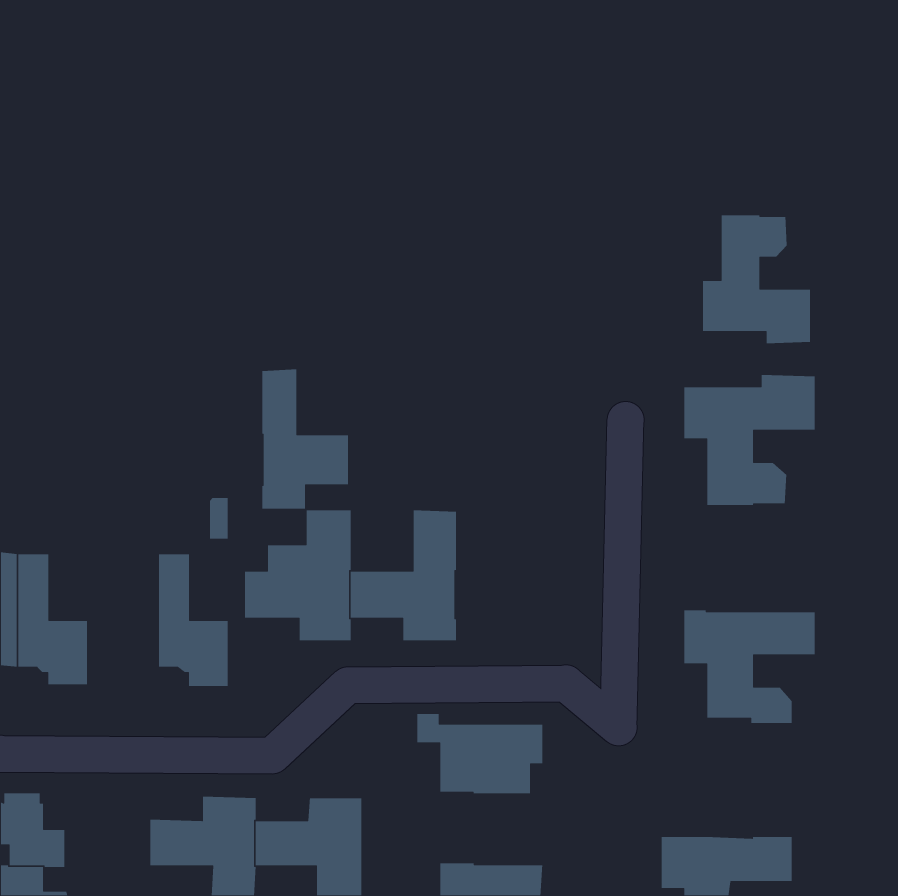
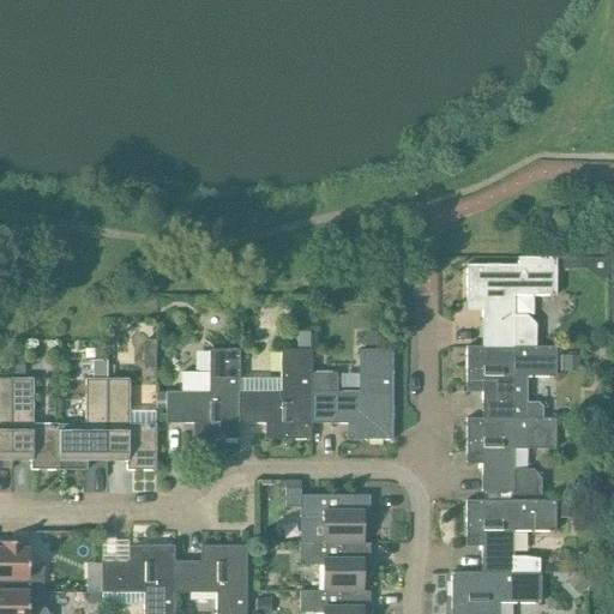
building: [702,214,811,344] -> none
building: [261,369,349,509] -> none
building: none -> [466,344,556,417]
building: none -> [311,349,393,438]
building: none -> [60,378,108,468]
building: none -> [465,499,555,572]
building: none -> [300,541,369,590]

